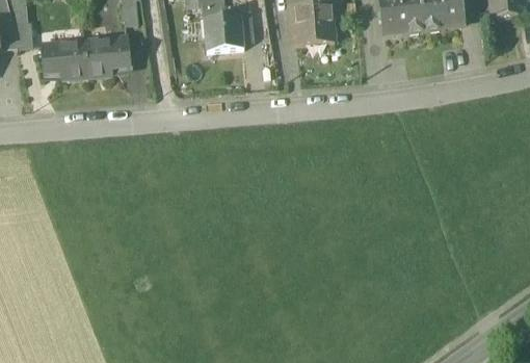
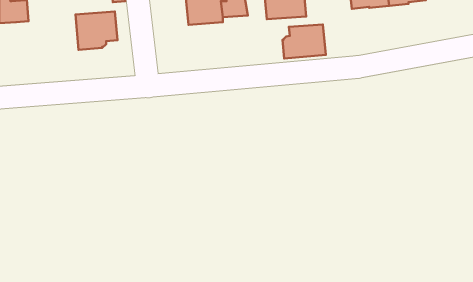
building: [41,41,86,81] -> none
building: none -> [283,24,326,58]

